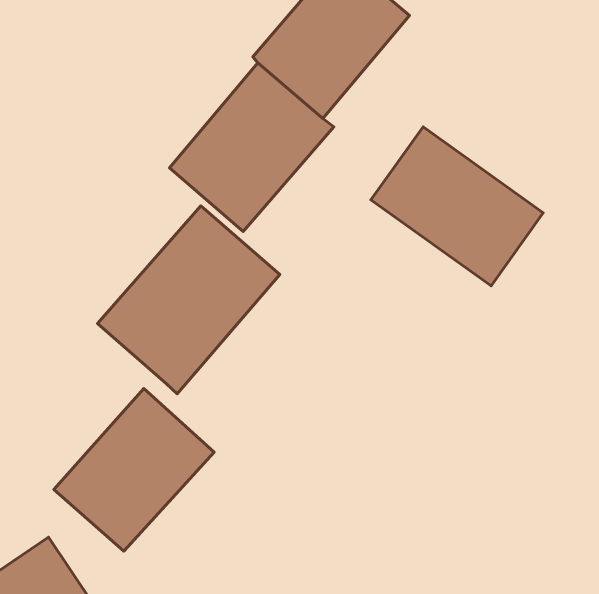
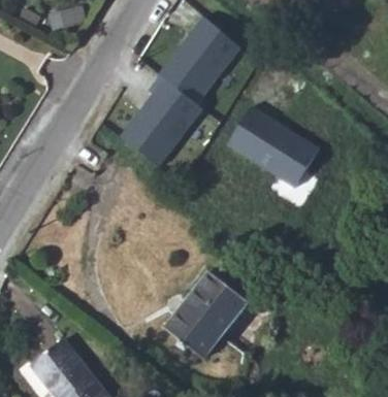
building: [98,206,280,394] -> none
building: [54,389,214,551] -> [163,270,249,359]

